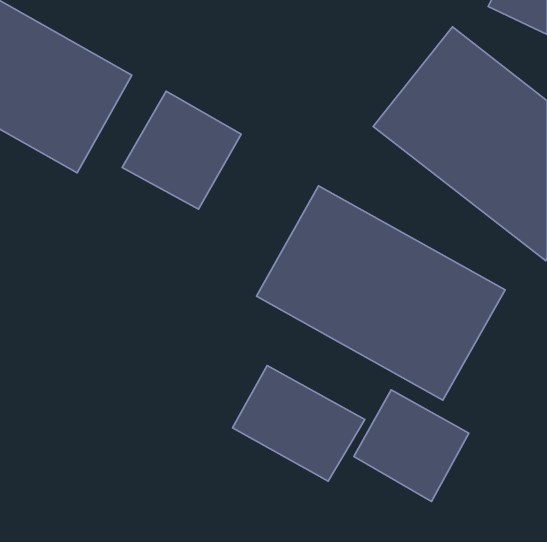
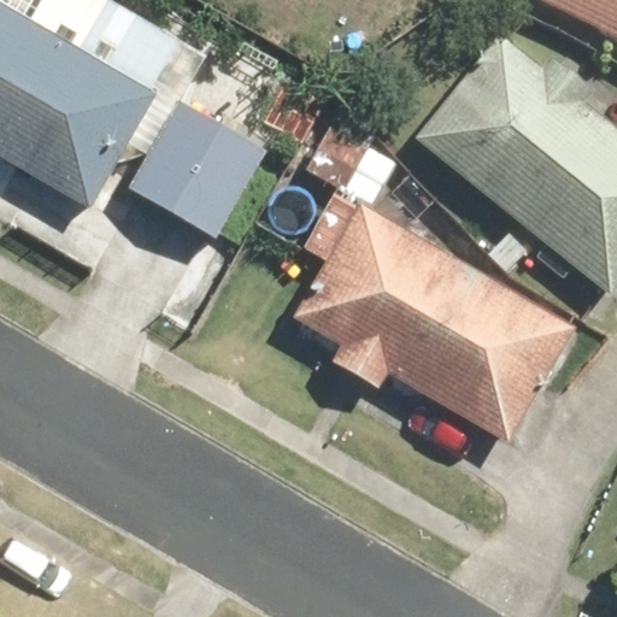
building: [232,365,365,481] -> none
building: [354,390,469,501] -> none

